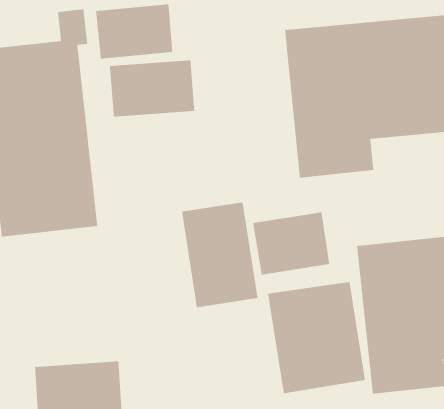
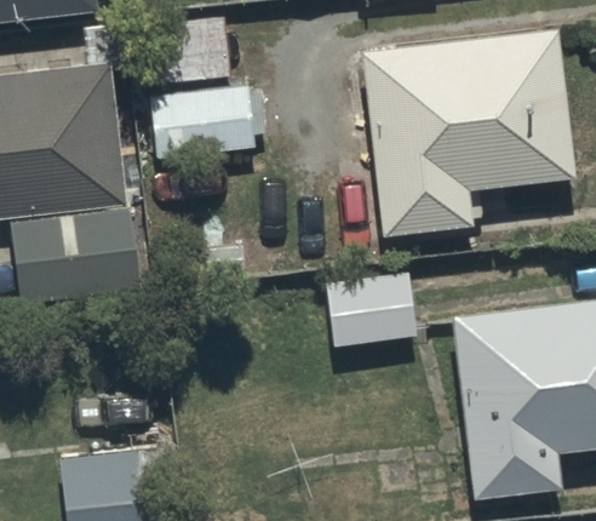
building: [181,202,259,308] -> none
building: [267,281,366,394] -> none

